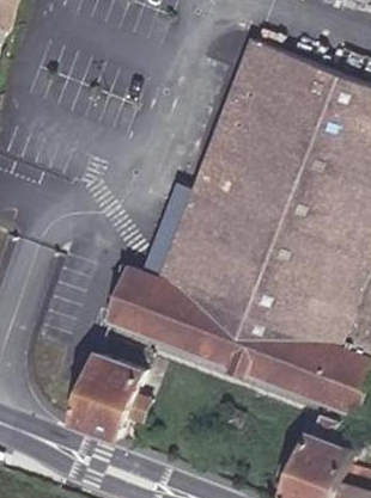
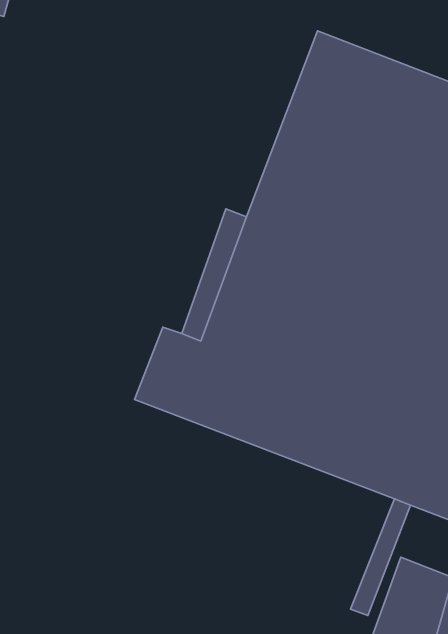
building: [72,351,142,436] -> none

